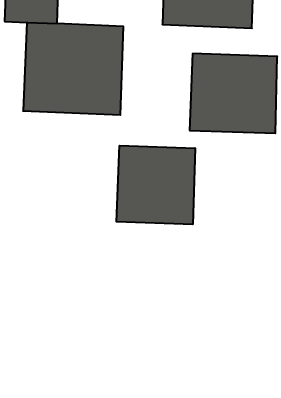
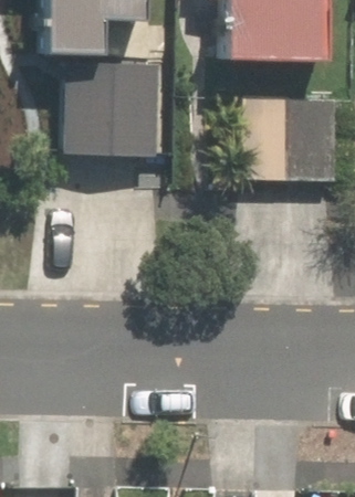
building: [116,146,195,224] -> none

